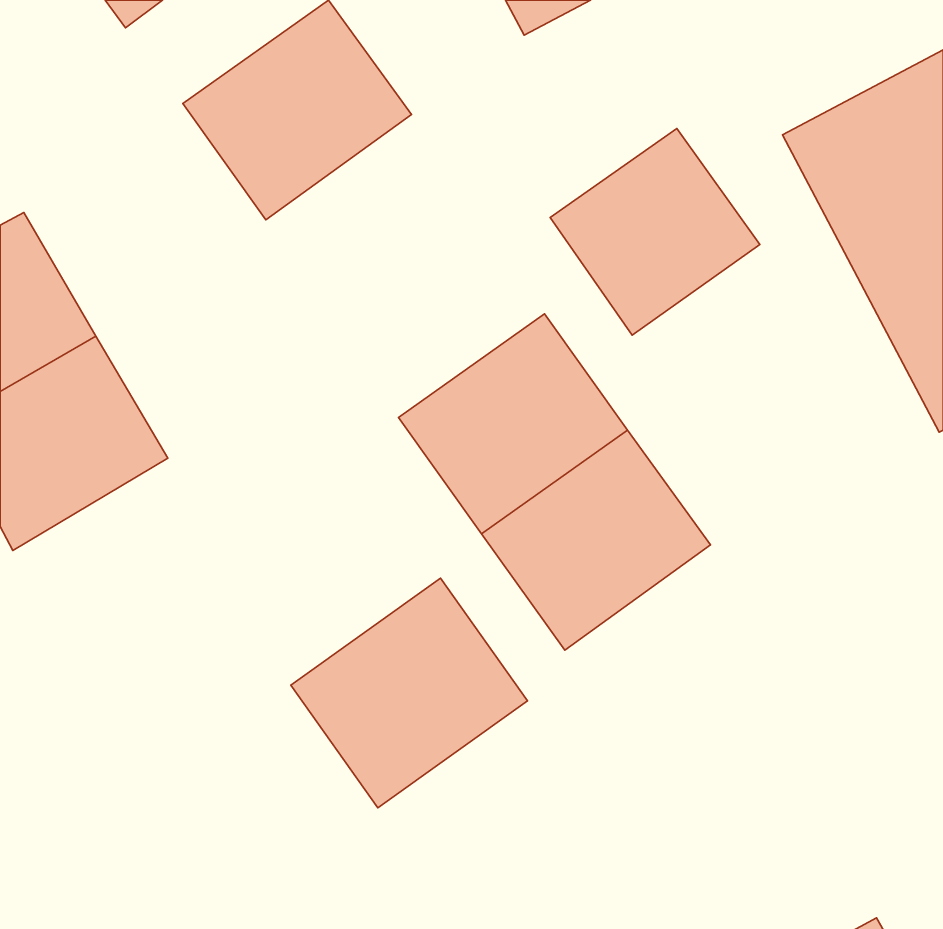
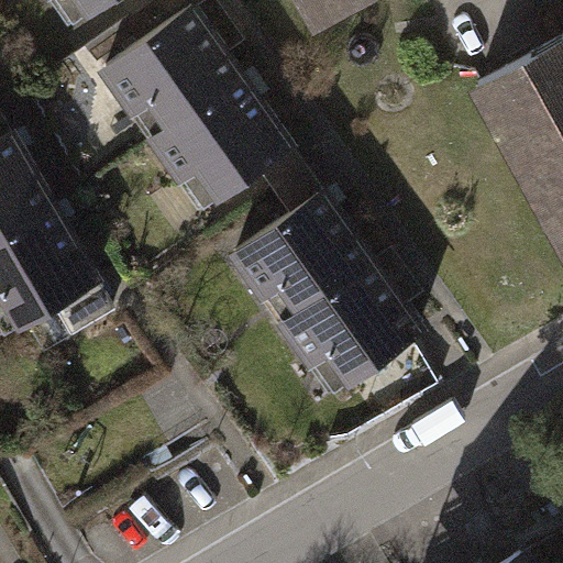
building: none -> [158,77,295,209]
building: [550,128,760,335] -> none
building: [291,578,527,808] -> none

